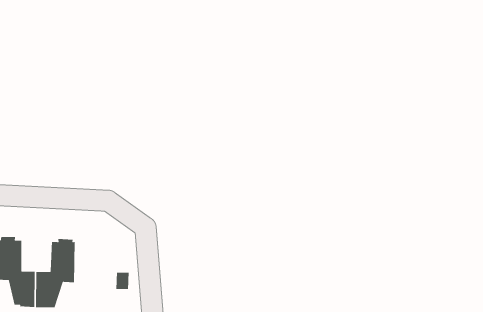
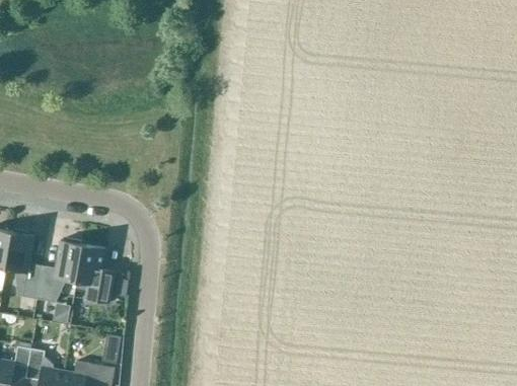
building: none -> [76,244,113,304]

